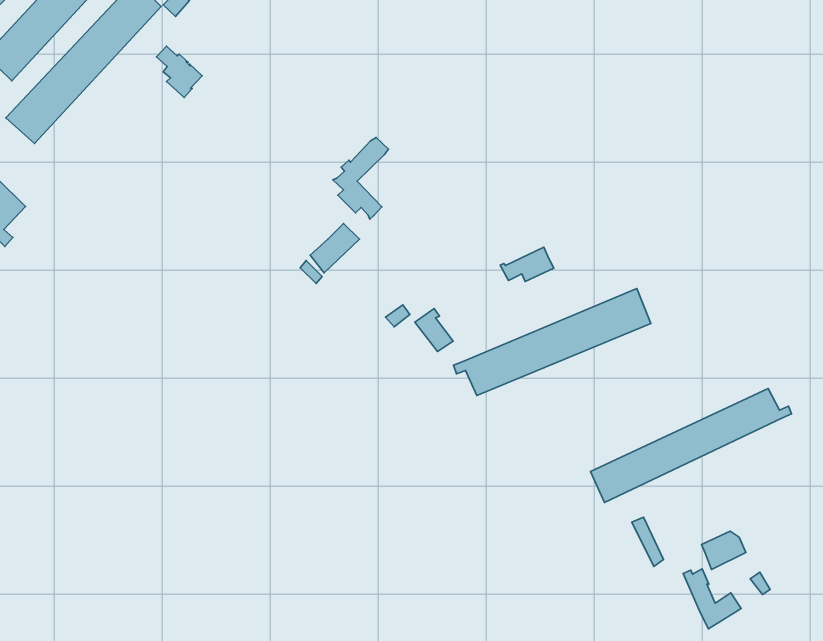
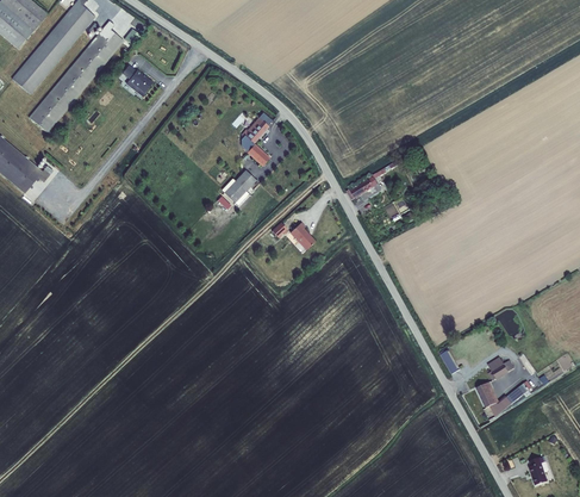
building: [453,288,651,395] -> none
building: [591,389,792,502] -> none

